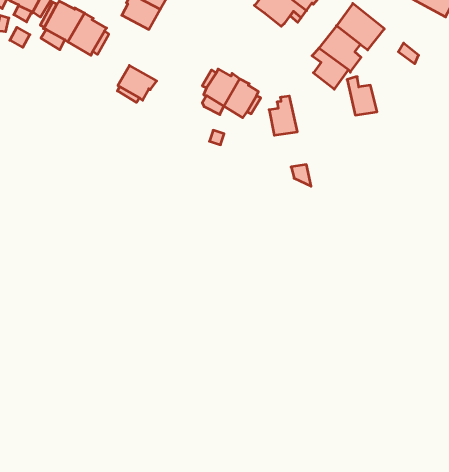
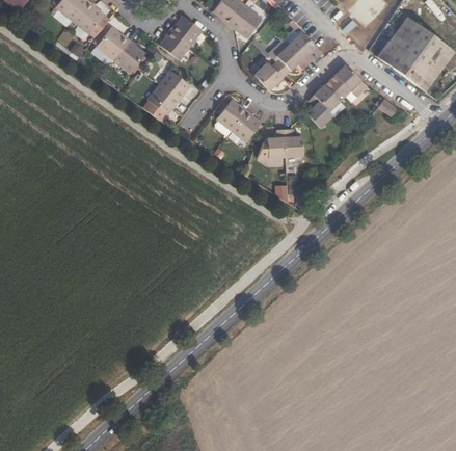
building: none -> [251,60,285,90]
building: none -> [160,70,190,101]
building: [347,77,377,115] -> [283,128,302,158]

